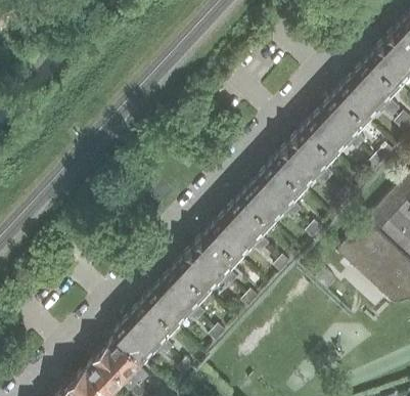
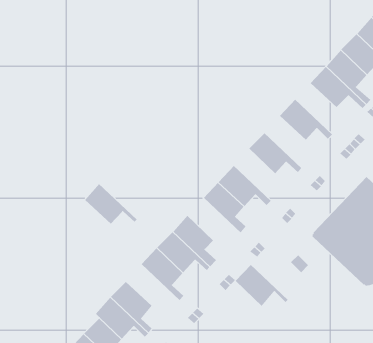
building: [322,92,365,145] -> none
building: [290,126,334,180] -> none
building: [259,160,302,214] -> none
building: [211,211,266,255] -> [235,264,288,307]
building: [147,279,202,322] -> [84,183,138,225]

